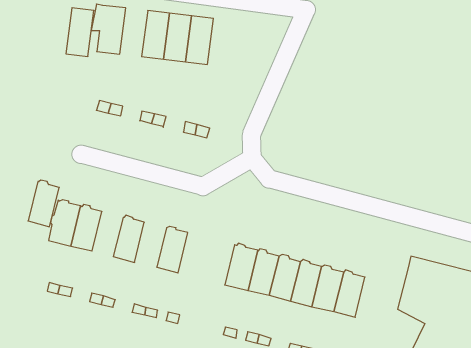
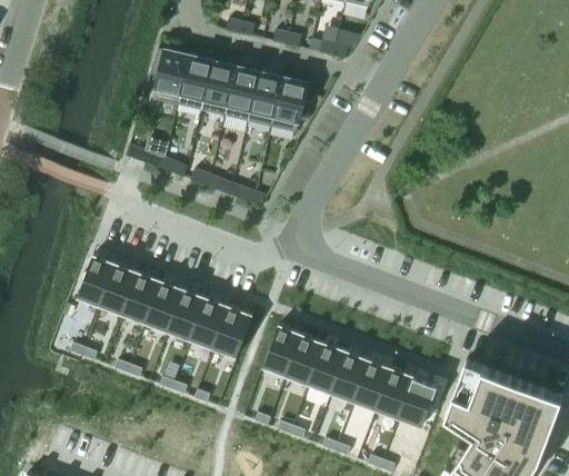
building: [66,8,94,56] -> [179,57,214,111]
building: none -> [272,79,313,133]
building: [28,180,59,227] -> [124,272,162,324]
building: none -> [169,289,208,340]
building: none -> [214,306,253,358]
building: none -> [400,376,439,428]

